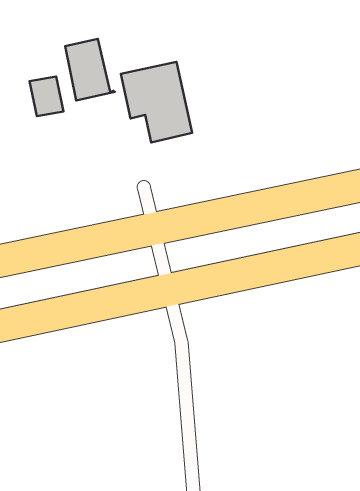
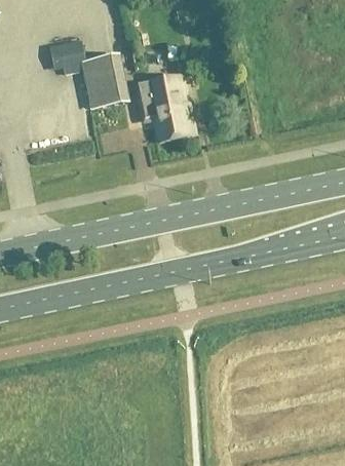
building: [30,76,63,116] -> [56,38,85,72]

